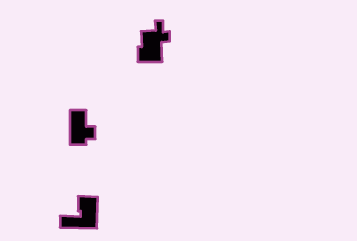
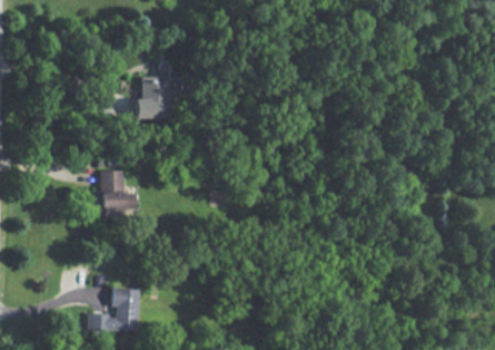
building: [138,21,170,62] -> [136,61,179,117]

